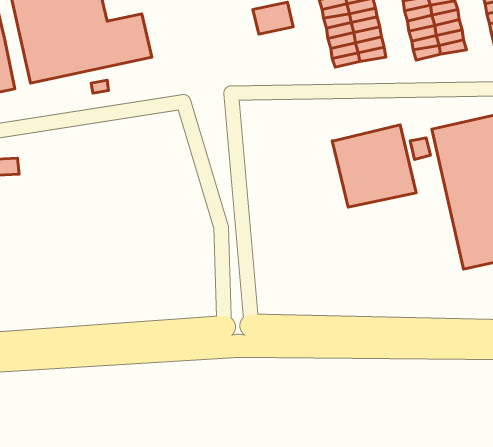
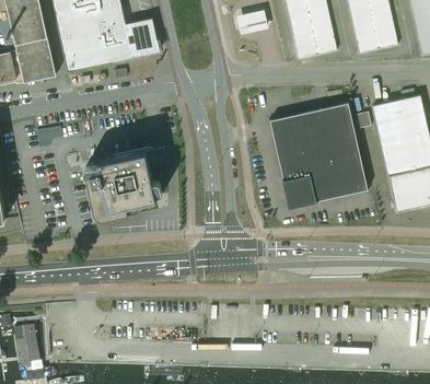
building: none -> [270,113,369,206]
building: none -> [84,151,162,222]

